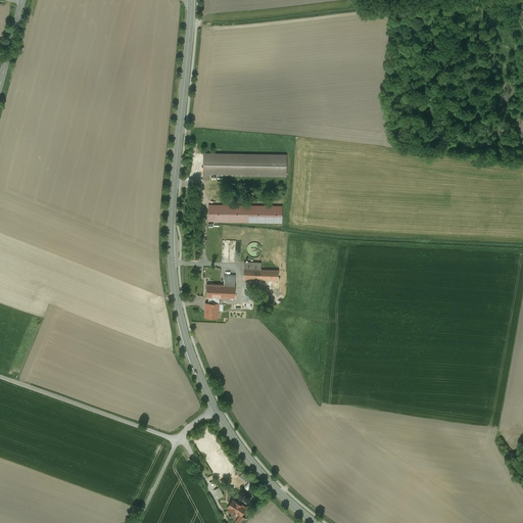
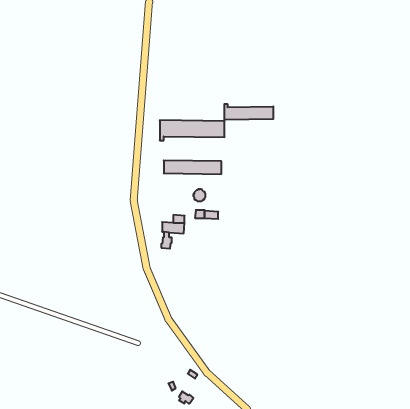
building: none -> [224,104,273,120]

